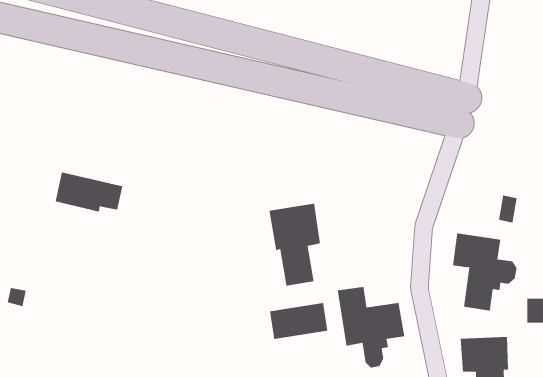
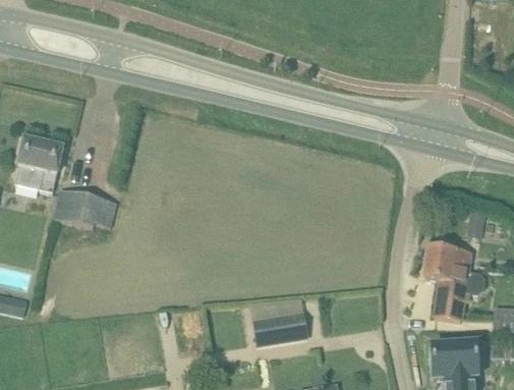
building: none -> [13,135,63,190]
building: [269,203,320,287] -> none
building: [337,286,405,369] -> none

